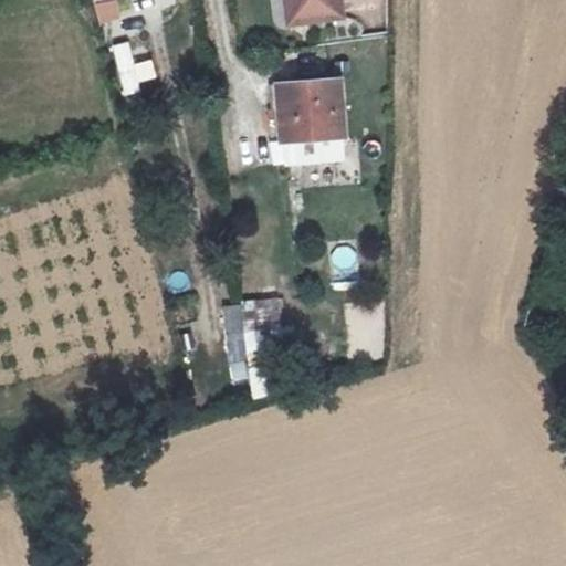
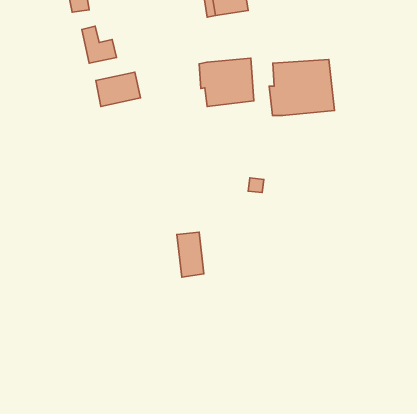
building: none -> [269,60,335,116]
building: none -> [96,72,141,106]

